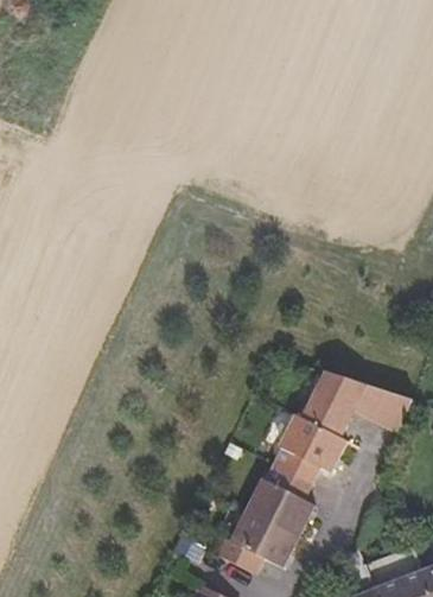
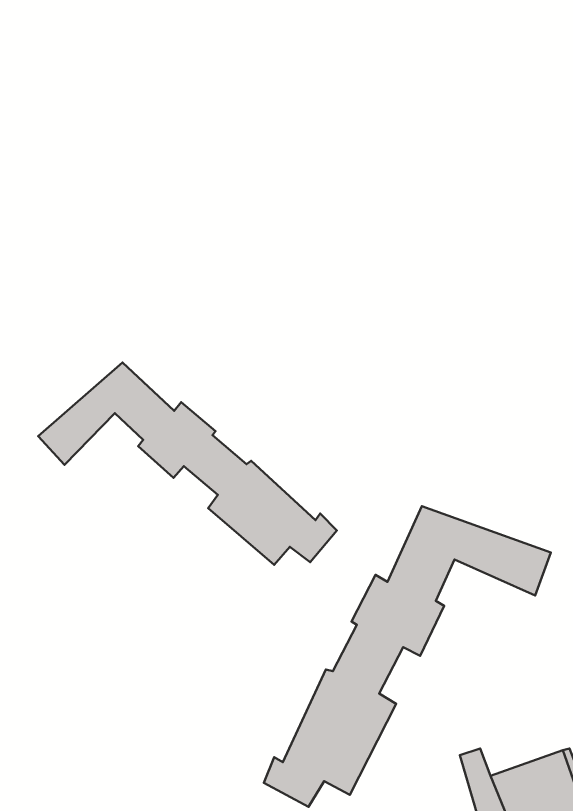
building: none -> [38,362,337,565]

